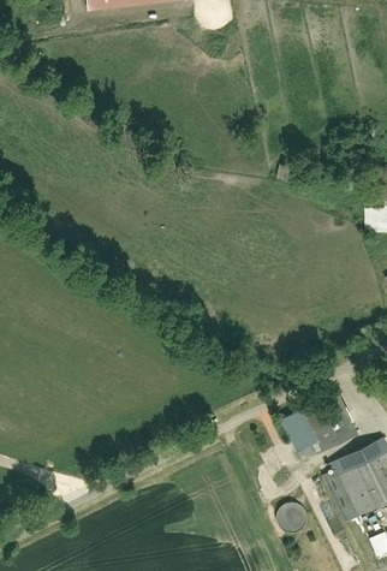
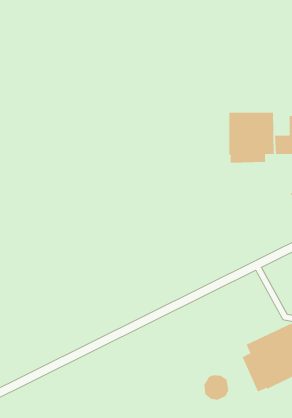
building: none -> [229,112,274,164]
building: [281,394,355,459] -> none

